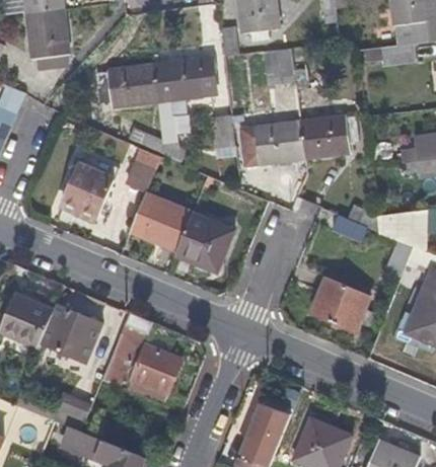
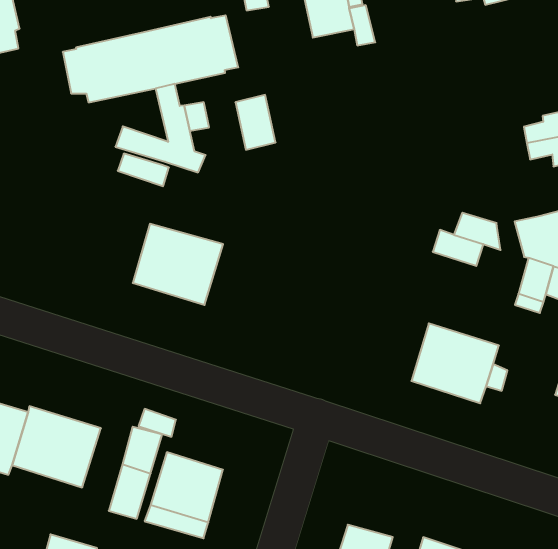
building: [238,114,359,165] -> none
building: [59,162,114,219] -> none
building: [176,210,237,271] -> none

